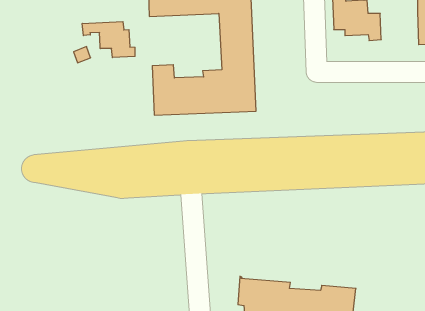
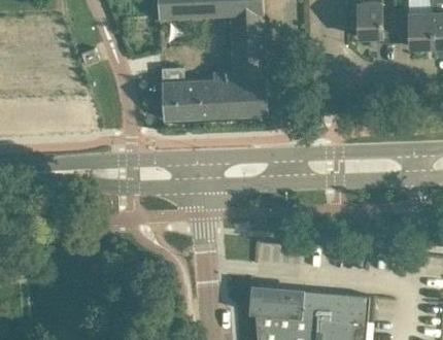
building: none -> [395,12,434,47]
building: [82,22,135,58] -> none

